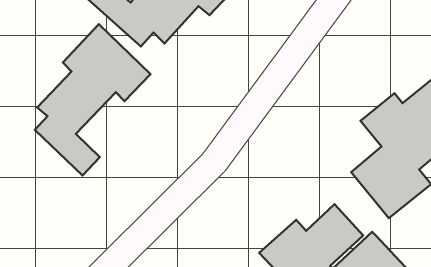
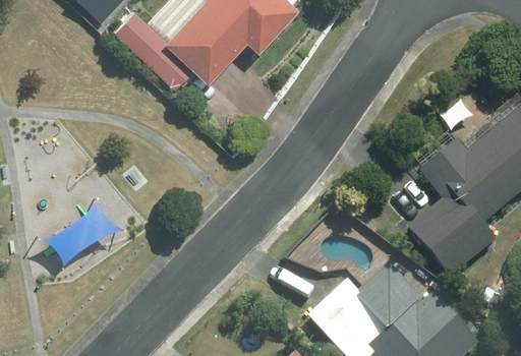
building: [35,24,150,175] -> none

